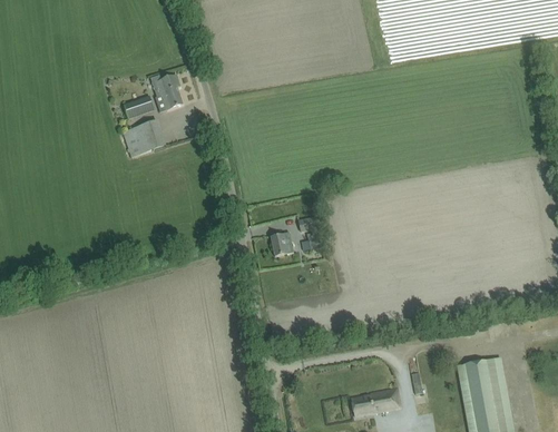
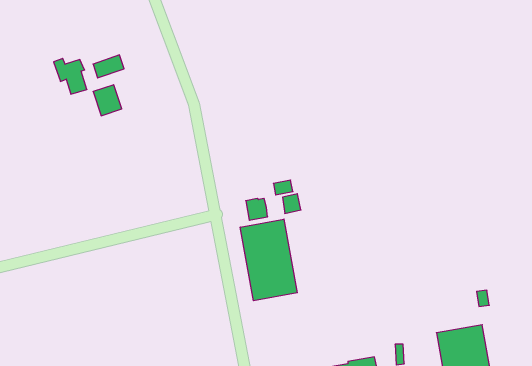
building: [149,75,182,109] -> [54,58,87,94]
building: none -> [240,219,297,301]

